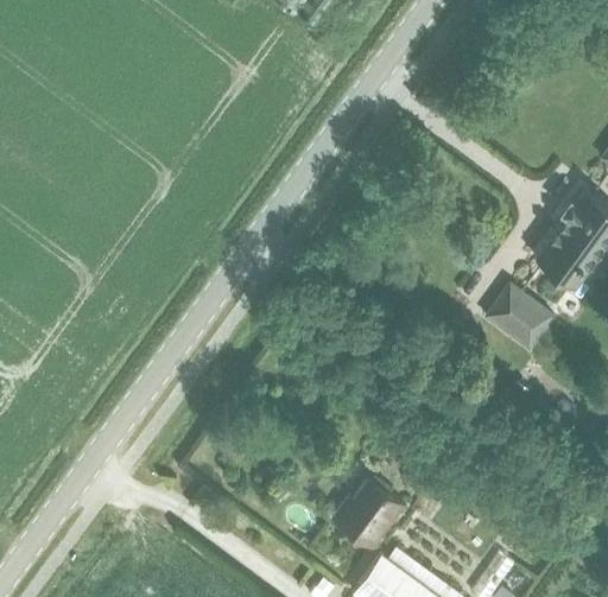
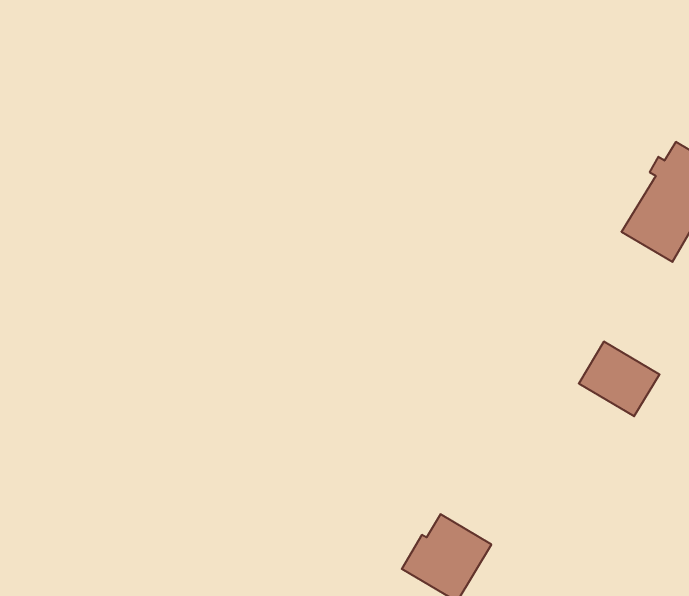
building: [484,285,551,348] -> [579,342,660,416]

